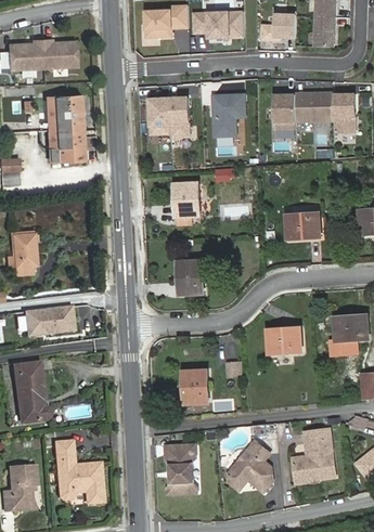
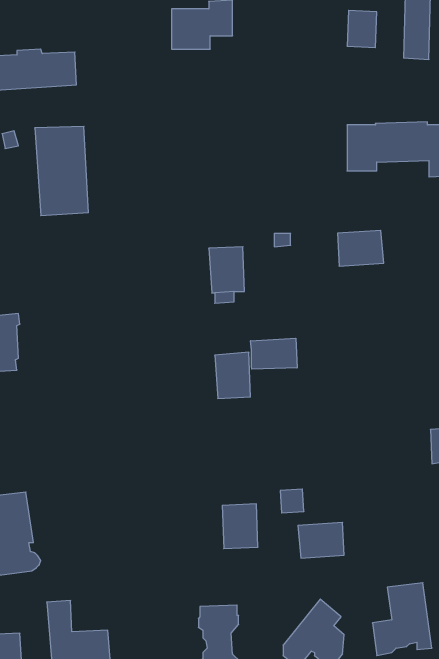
building: [195,11,245,39] -> none
building: [212,93,246,135] -> none
building: [153,96,194,141] -> none
building: [287,212,321,238] -> [338,230,384,266]
building: none -> [251,338,297,369]
building: [27,304,77,335] -> none
building: [268,327,301,353] -> [298,522,344,558]

